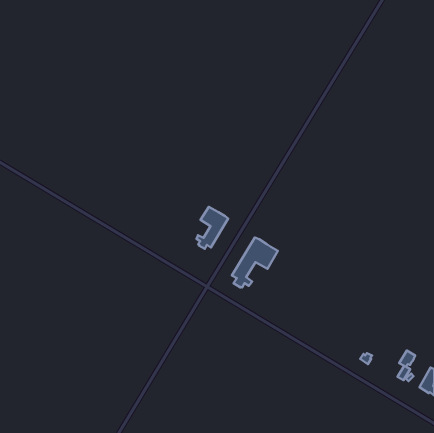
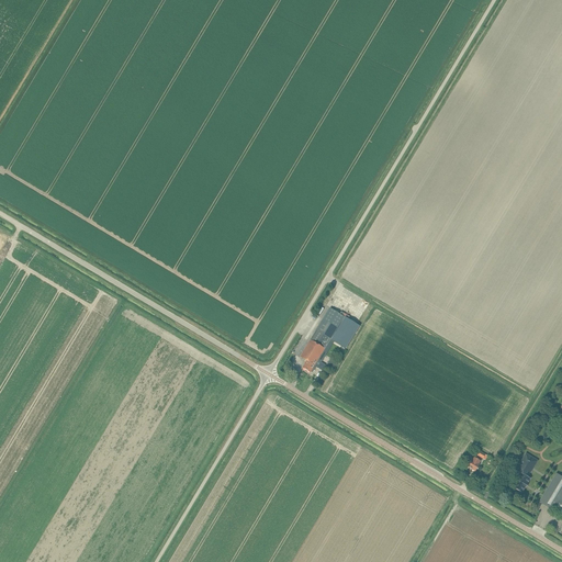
building: [196,207,228,249] -> none

